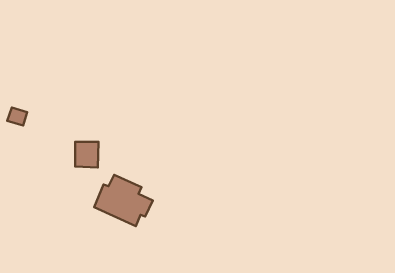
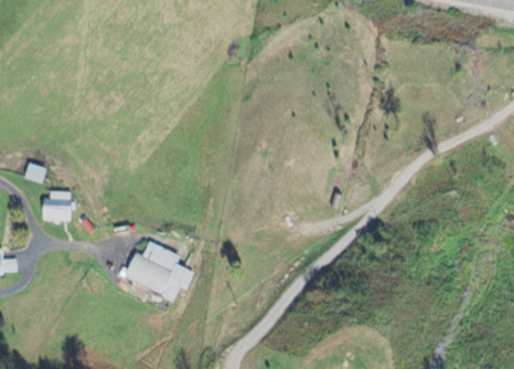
building: [75,142,99,167] -> [44,191,72,221]

